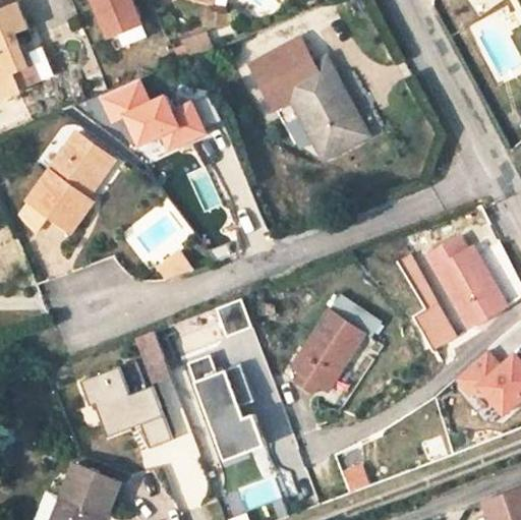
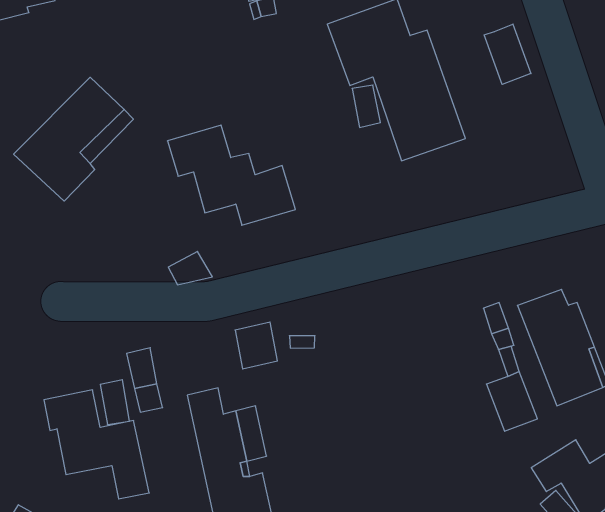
building: none -> [484,24,531,84]
building: [98,78,202,152] -> [167,125,295,225]
building: [292,293,383,393] -> none

